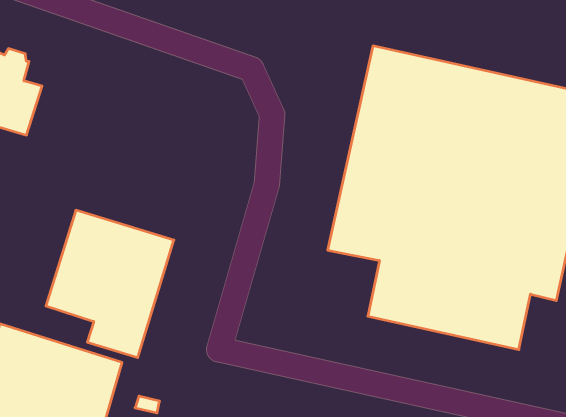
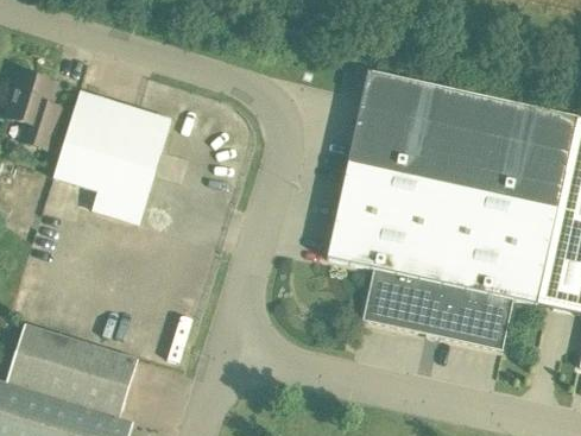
building: [46,210,174,358] -> [53,90,171,226]

